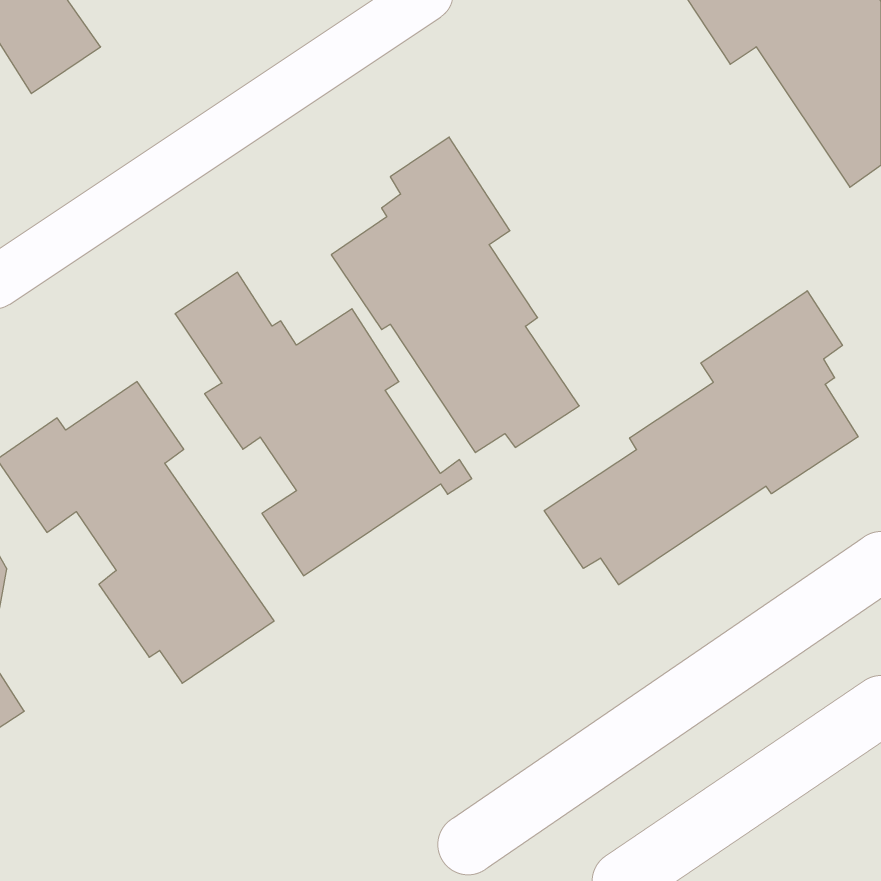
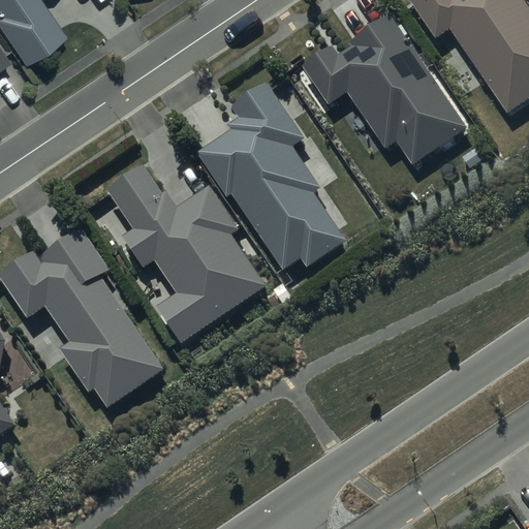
building: none -> [301,15,465,163]
building: [544,291,858,585] -> none

